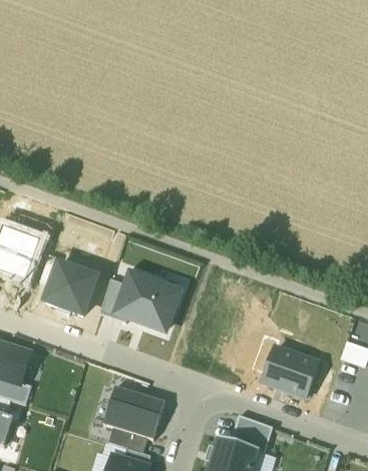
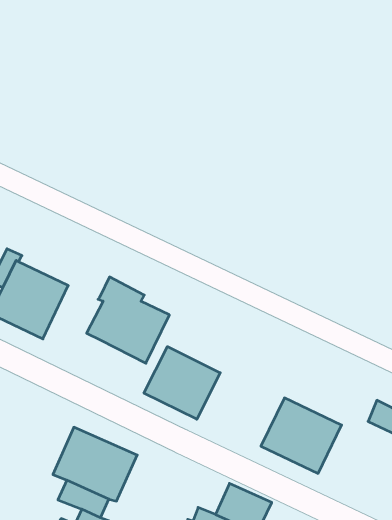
building: [97,278,127,321] -> none
building: none -> [144,347,220,419]

